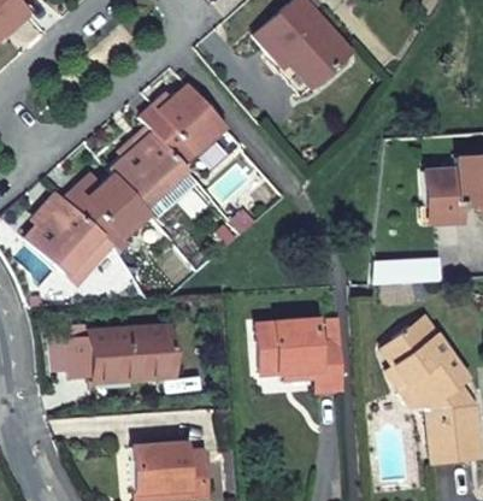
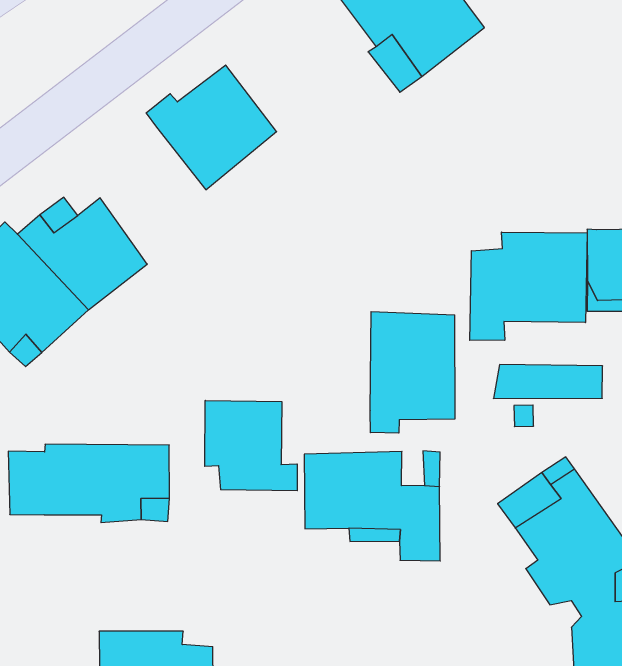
building: [111,126,184,206] -> none
building: none -> [470,232,587,340]
building: none -> [370,312,455,433]
building: none -> [205,400,297,491]

